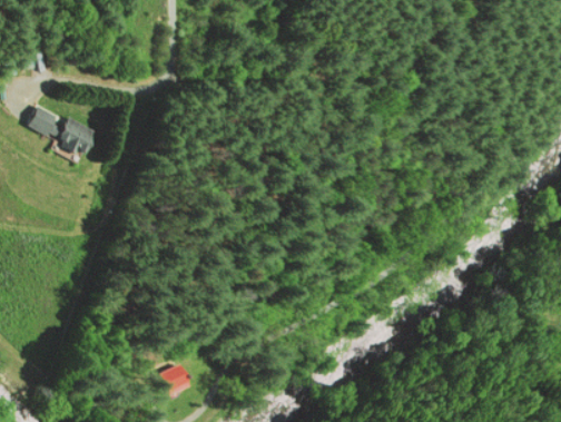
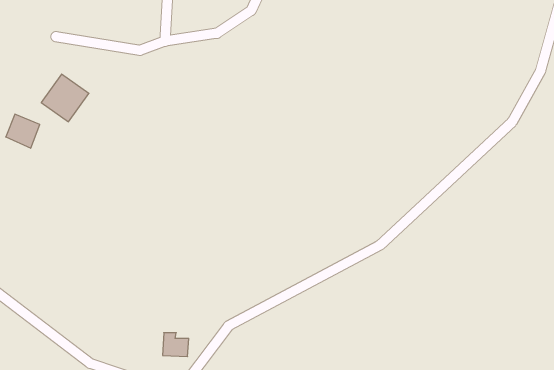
building: [27,104,60,137] -> [6,114,40,148]

